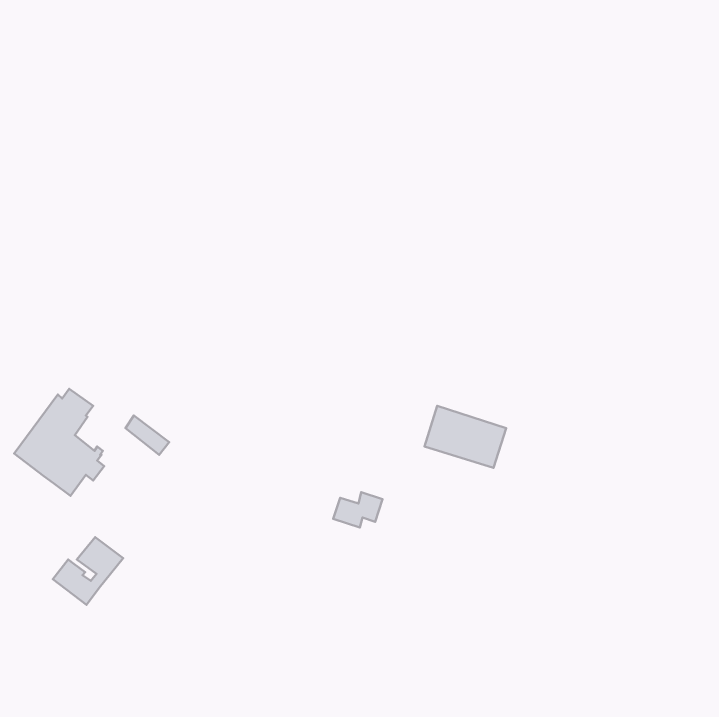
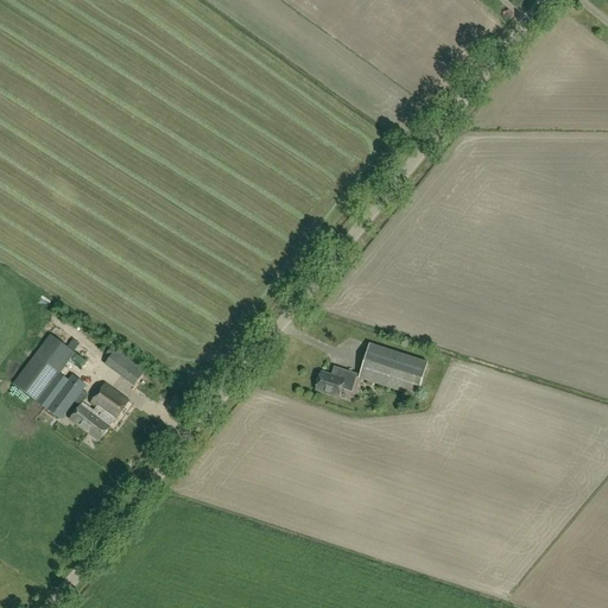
building: [333,492,382,527] -> [315,366,356,395]
building: [53,537,123,605] -> [69,382,128,439]

